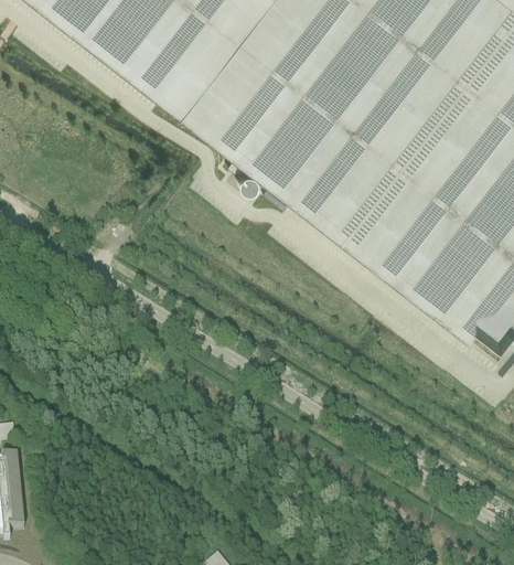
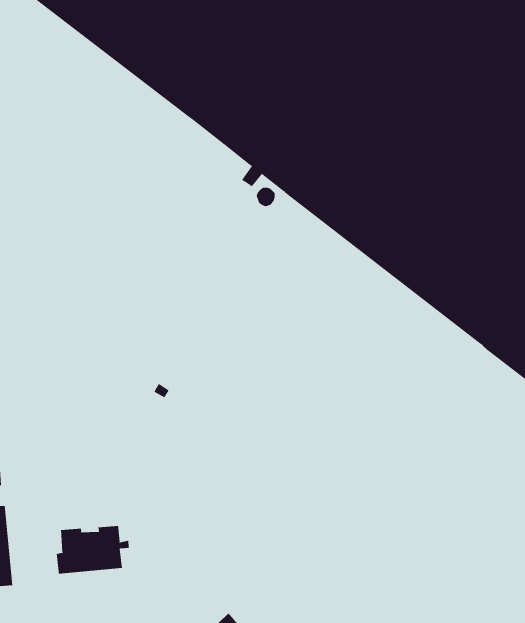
building: none -> [56,525,129,575]

